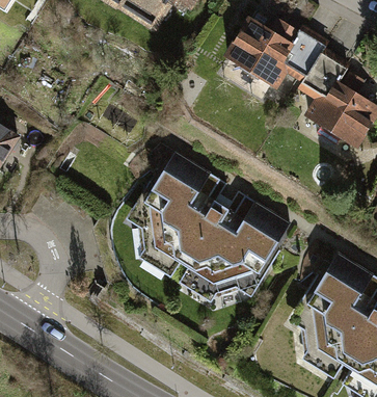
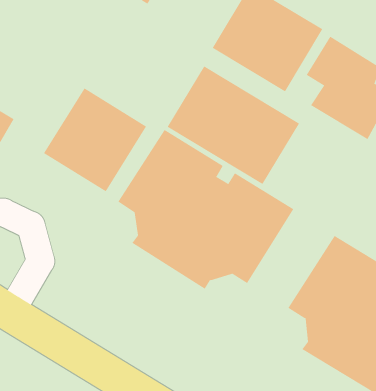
building: none -> [167,65,300,185]
building: none -> [43,87,147,192]

